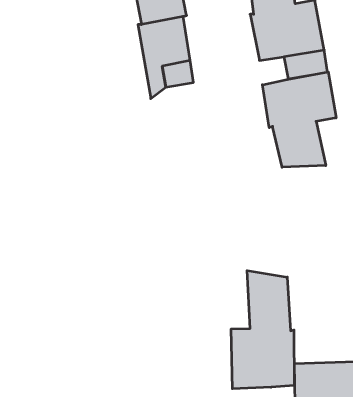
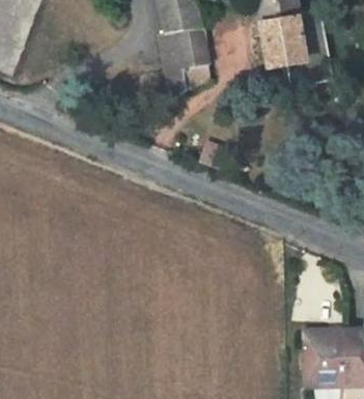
building: [262,72,336,167] -> none
building: [231,271,294,389] -> none

